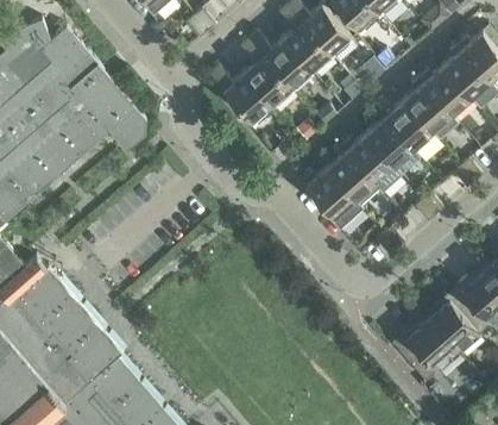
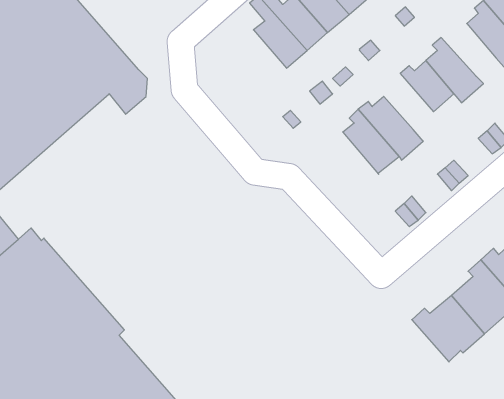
building: [209,65,275,125] -> none
building: [418,65,469,114] -> none
building: [365,112,411,164] -> none
building: [302,167,364,230] -> none

